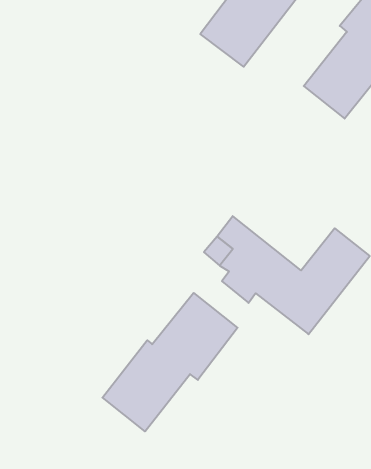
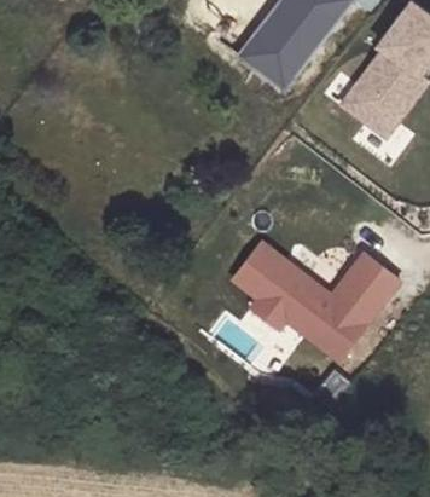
building: [102,293,238,431] -> none

